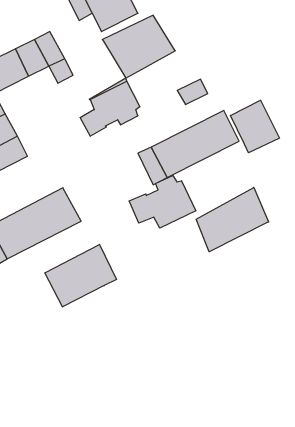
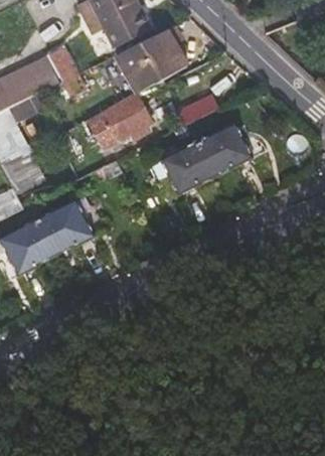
building: [231,100,279,153] -> none
building: [129,176,196,228] -> none
building: [196,187,269,252] -> none
building: [45,244,117,307] -> none

